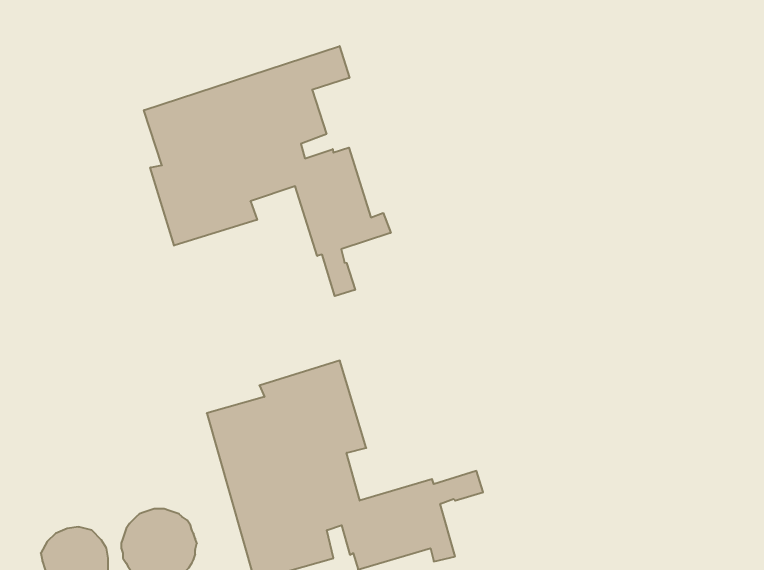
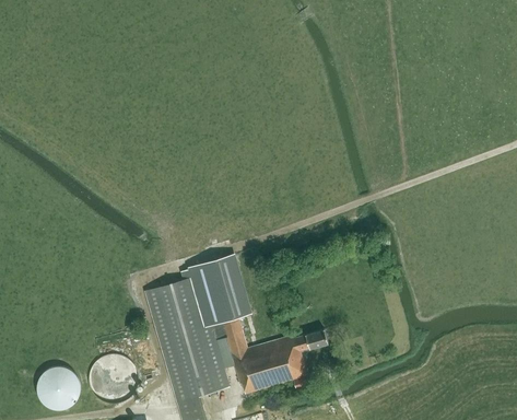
building: [144,46,391,296] -> none

